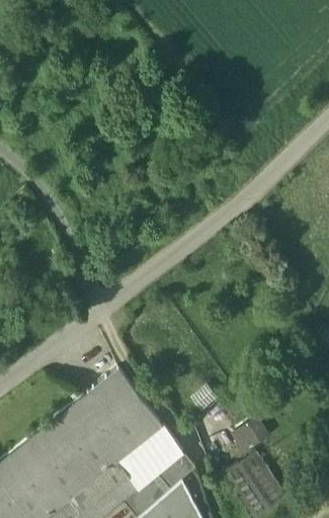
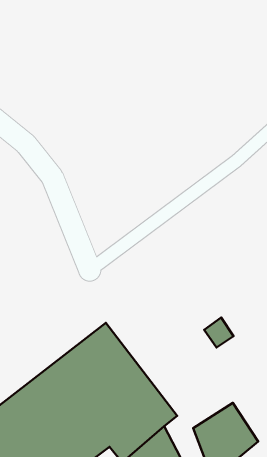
building: [237,419,268,451] -> [204,317,233,348]

